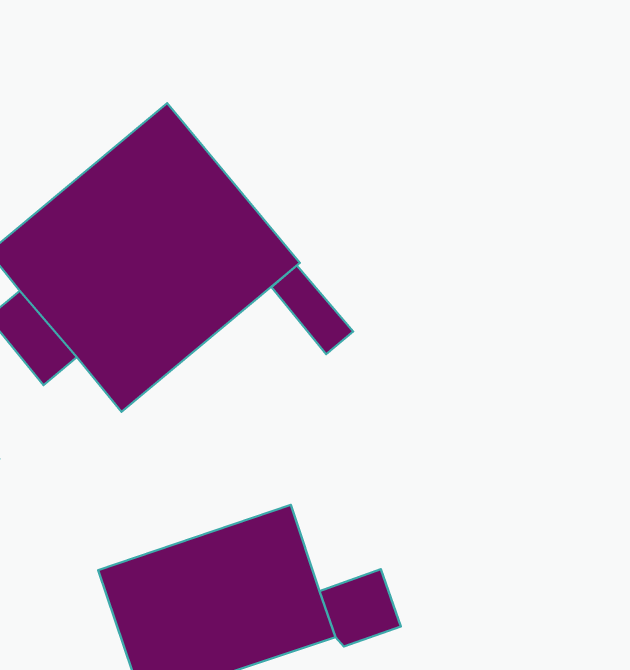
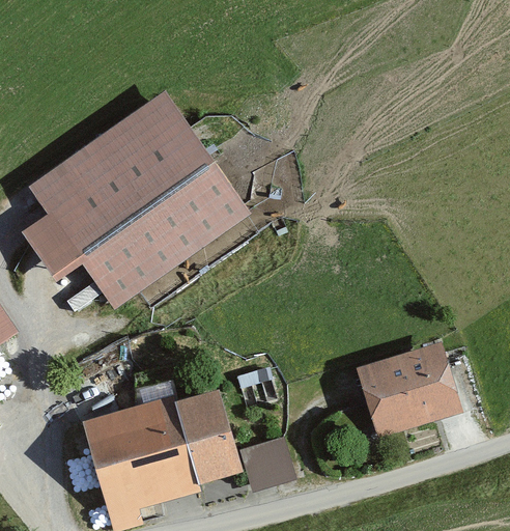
building: [272,265,353,354] -> none
building: none -> [357,340,462,436]

